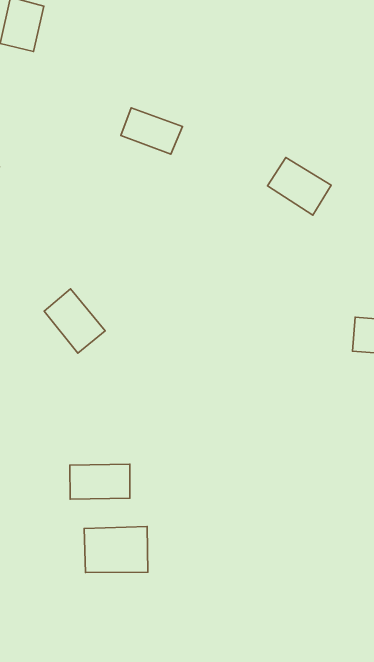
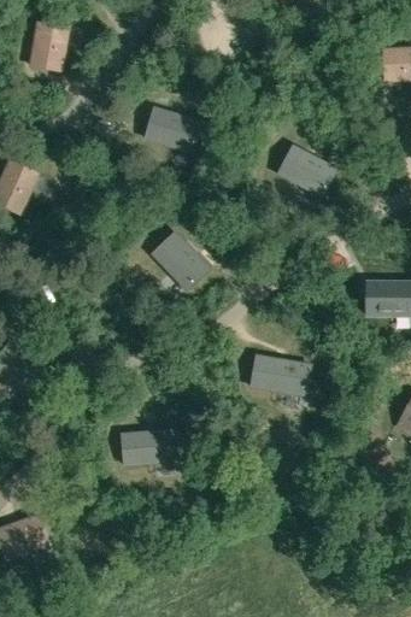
building: [44,289,105,353] -> [152,231,207,288]
building: none -> [251,355,309,395]
building: [84,526,148,573] -> none

